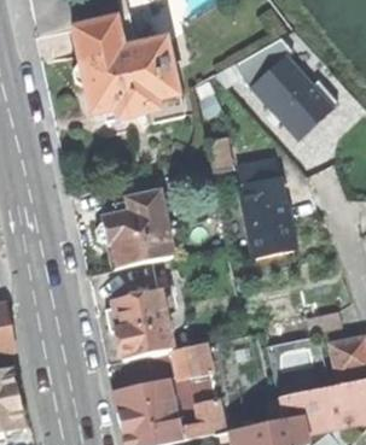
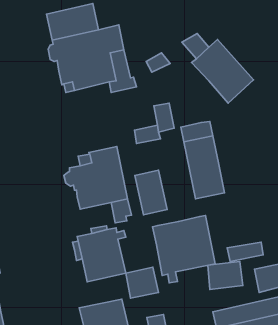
building: none -> [135,170,167,215]
building: none -> [152,215,215,283]

